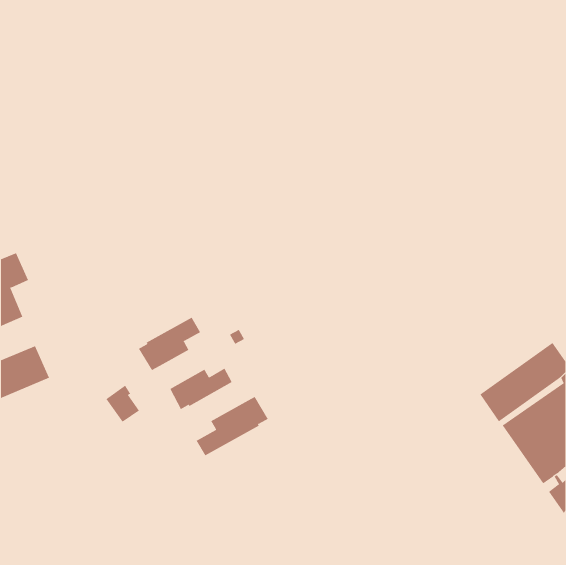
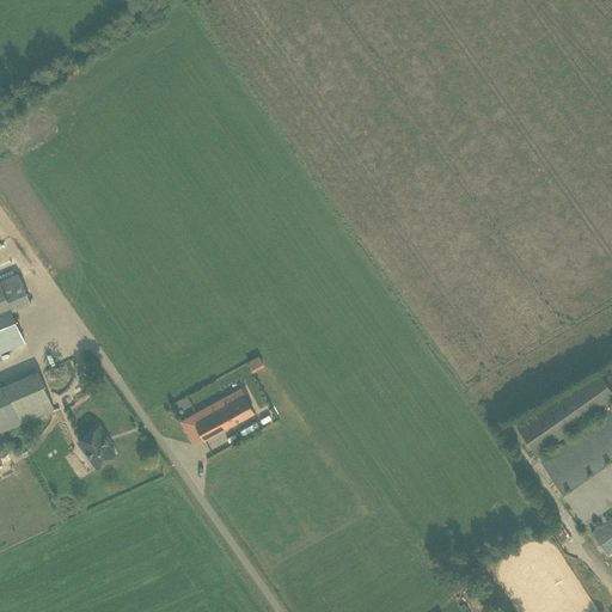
building: [138,317,201,371] -> none
building: [106,385,140,423] -> [78,427,115,467]
building: [196,396,269,456] -> none

